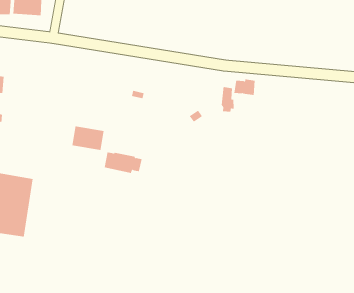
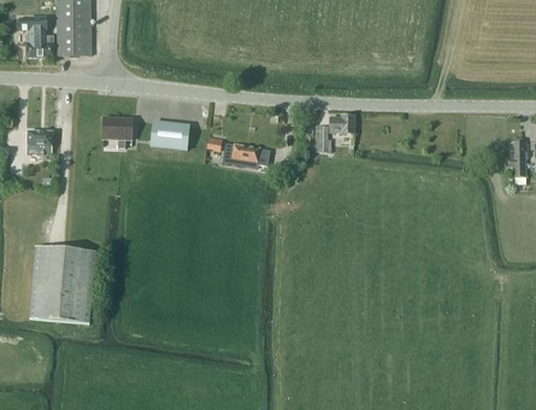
building: none -> [102,117,132,148]
building: [72,126,105,151] -> [151,122,189,150]
building: [104,152,142,173] -> [223,143,269,168]

